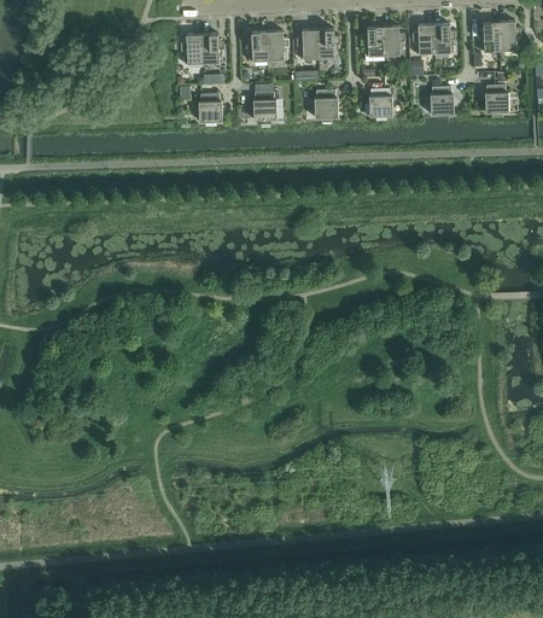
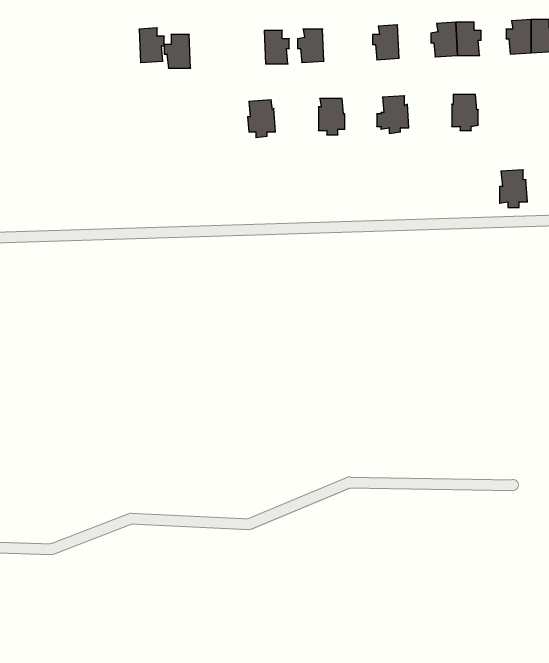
building: [383,25,404,54] -> none
building: [317,28,339,57] -> none
building: [245,30,268,60] -> none
building: [202,33,223,63] -> [139,28,164,63]
building: [484,83,508,116] -> [500,170,527,207]
building: [198,93,222,124] -> none

